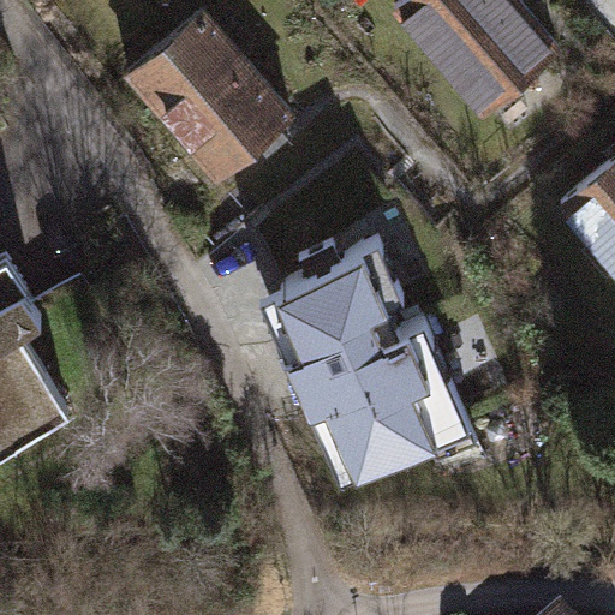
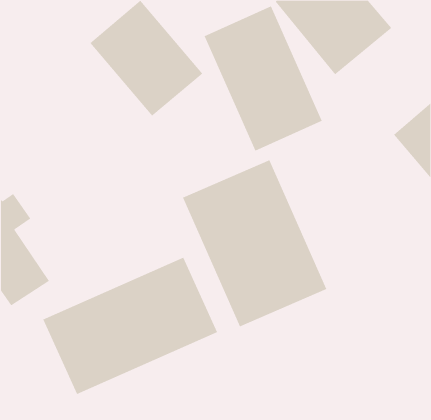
building: none -> [204,5,322,152]
building: none -> [43,257,218,395]

